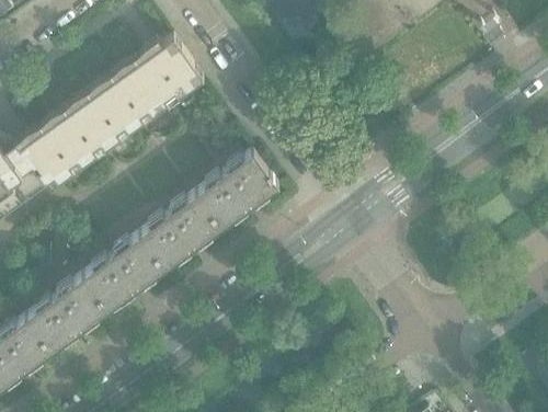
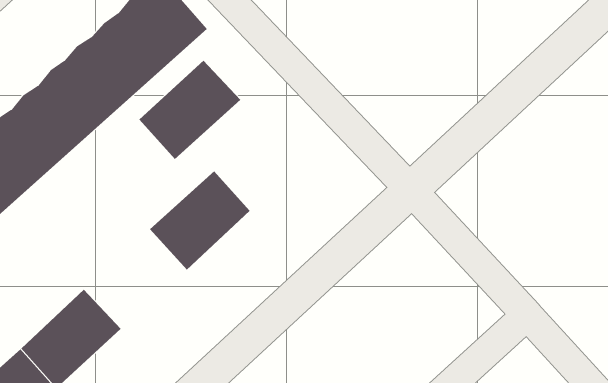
building: [195,150,278,227] -> [138,60,241,160]
building: [81,232,164,309] -> none

